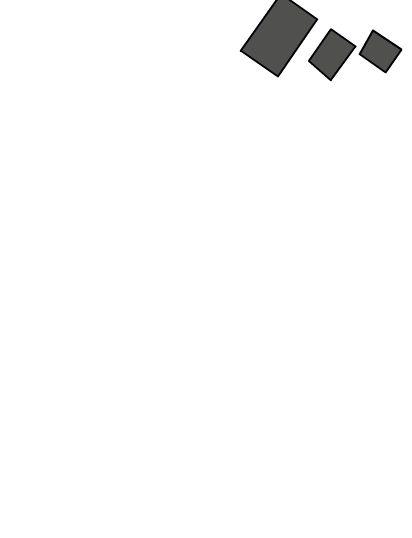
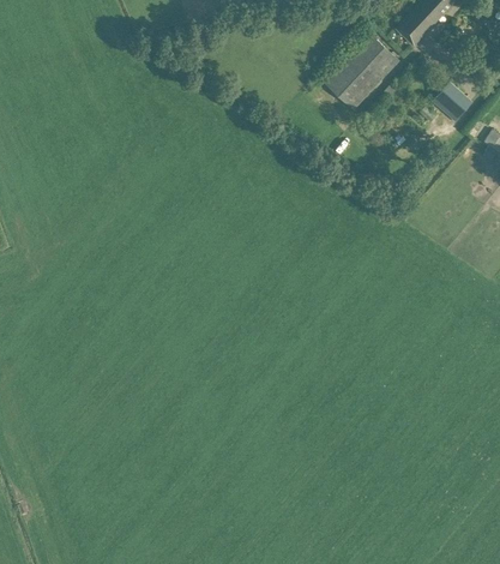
building: [309,29,356,80] -> none

